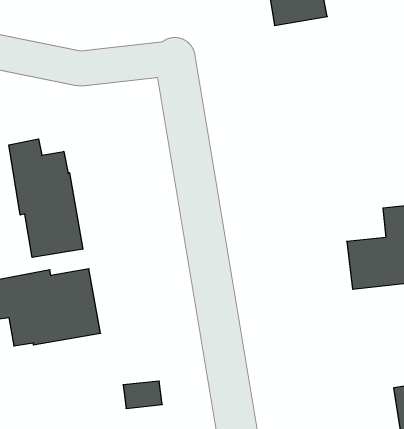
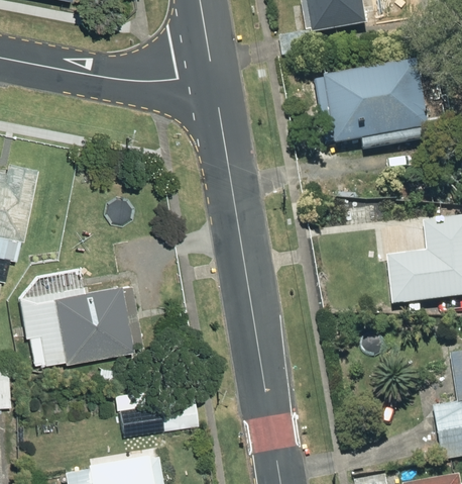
building: none -> [323,62,428,146]
building: [9,139,83,257] -> none

